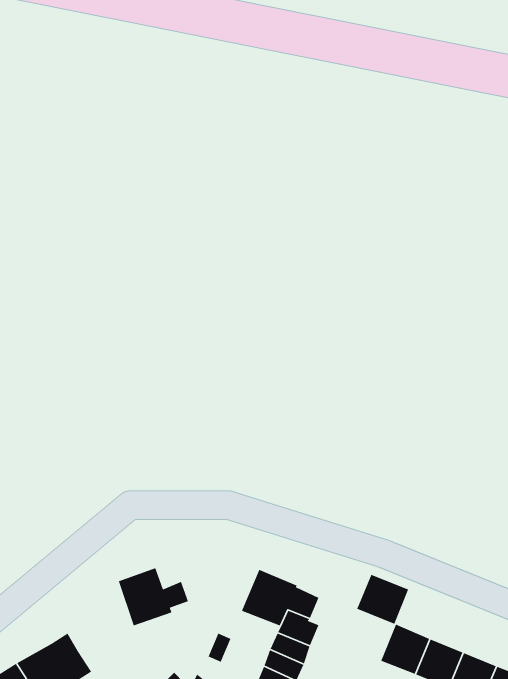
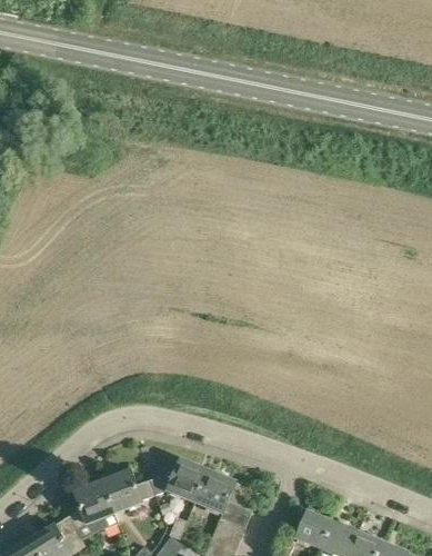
building: none -> [151,459,208,512]
building: [356,574,409,625] -> none
building: none -> [68,479,115,530]

